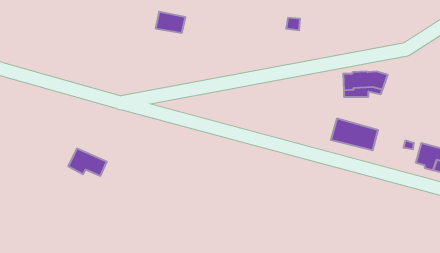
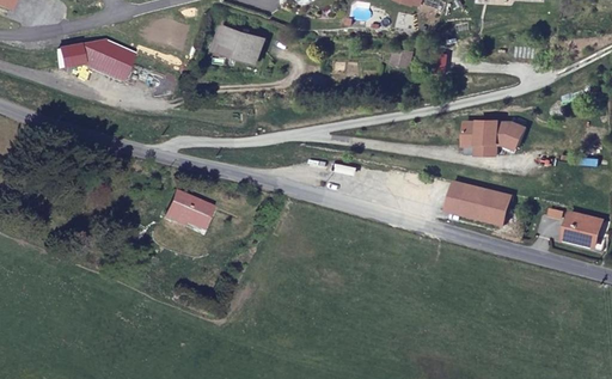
building: none -> [49,38,124,81]
building: [68,149,107,176] -> [157,188,209,225]

